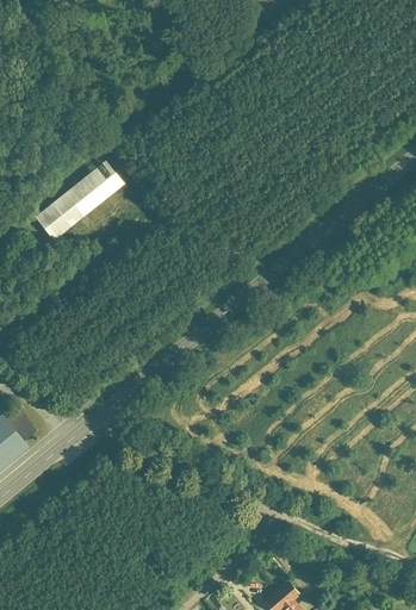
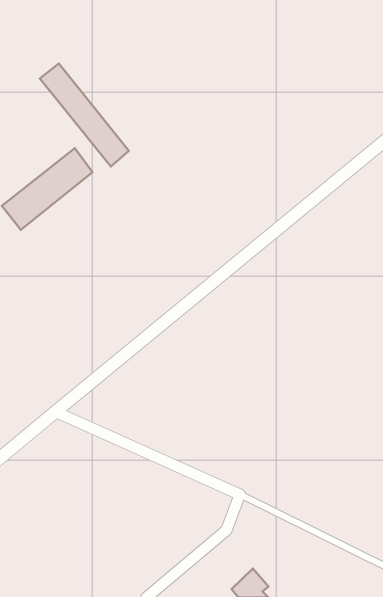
building: none -> [40,63,129,166]

